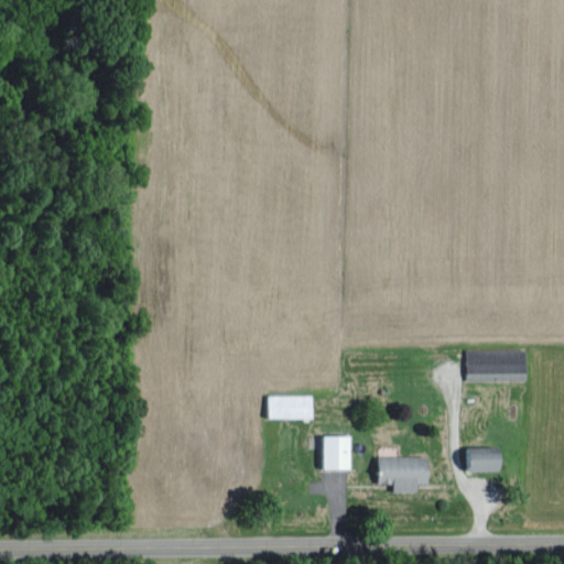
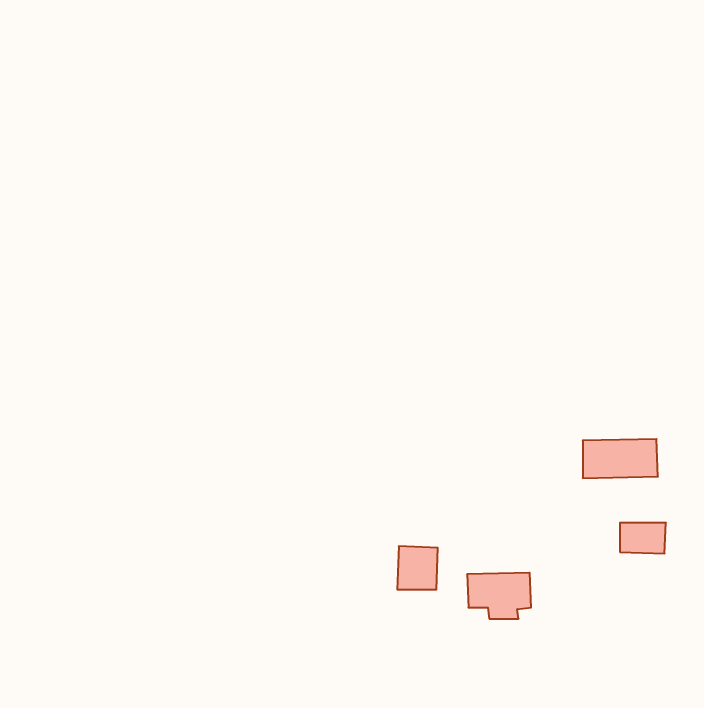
building: [268,395,315,419] -> none
building: [464,447,500,471] -> [620,523,666,553]

